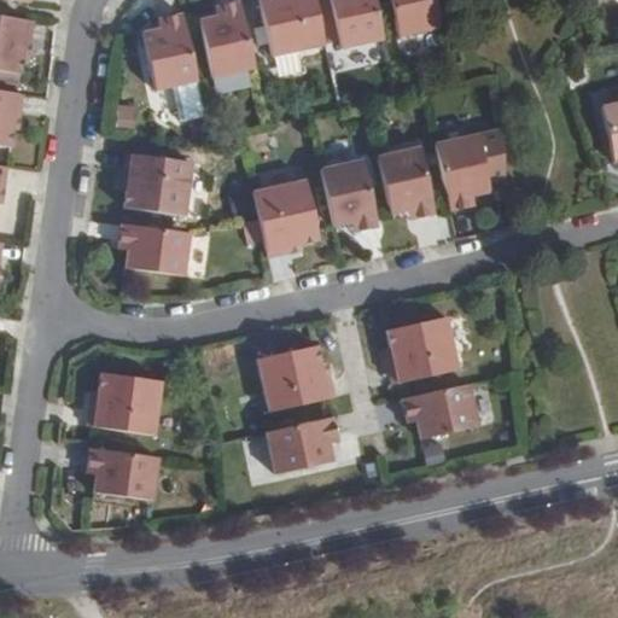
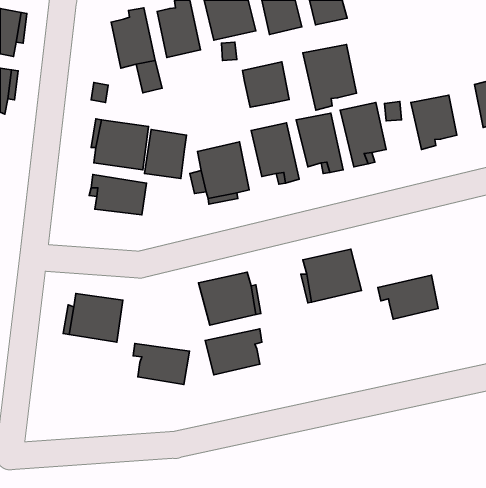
building: none -> [303,44,356,110]
building: none -> [242,62,289,107]
building: none -> [411,95,457,150]
building: none -> [144,129,187,179]
building: [402,384,478,439] -> [378,275,438,319]
building: [86,447,157,499] -> [133,343,190,385]

